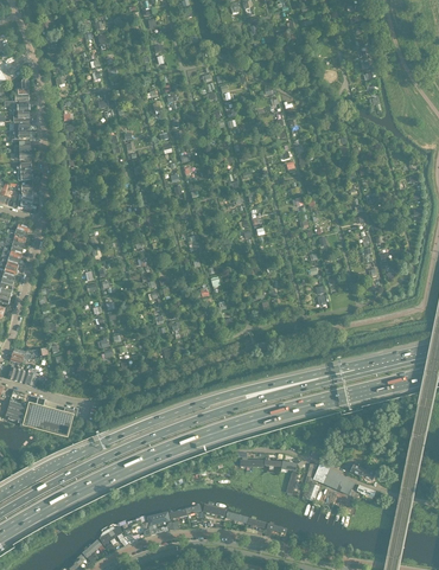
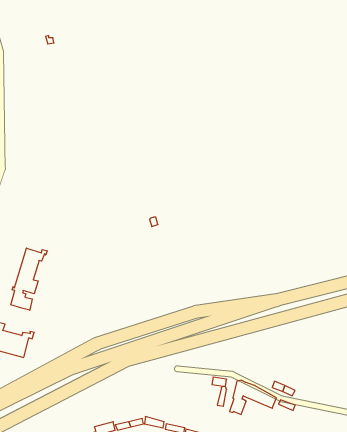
building: none -> [11,248,47,310]

